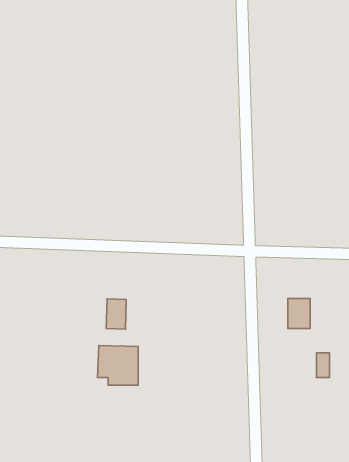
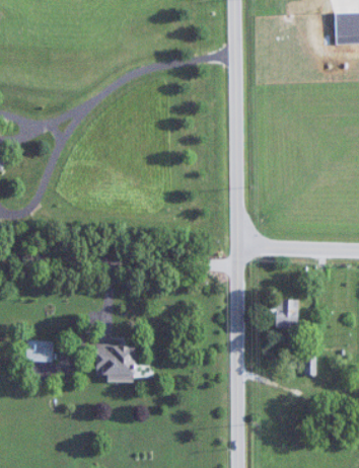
building: [106,299,126,329] -> none
building: none -> [26,341,54,363]

